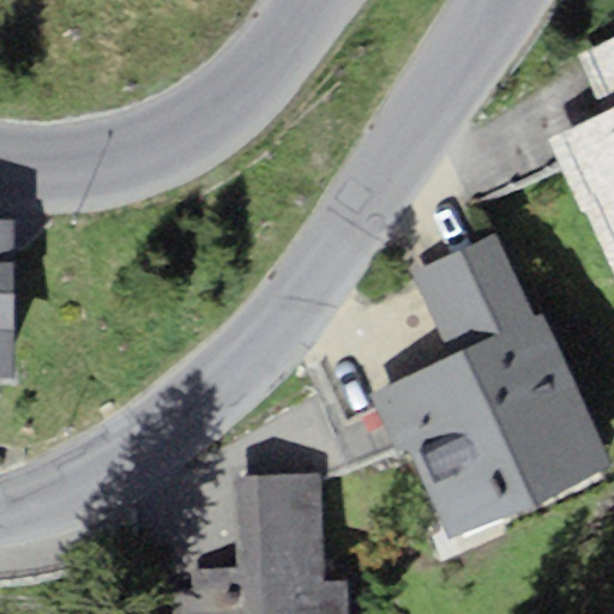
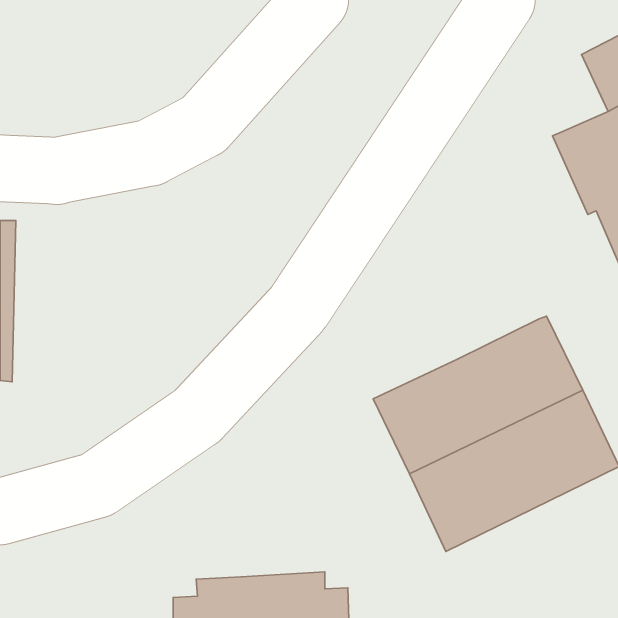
building: [414,234,535,356] -> none
building: [234,474,323,572] -> none

